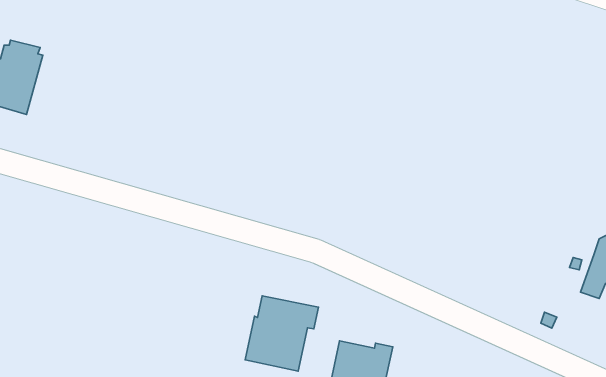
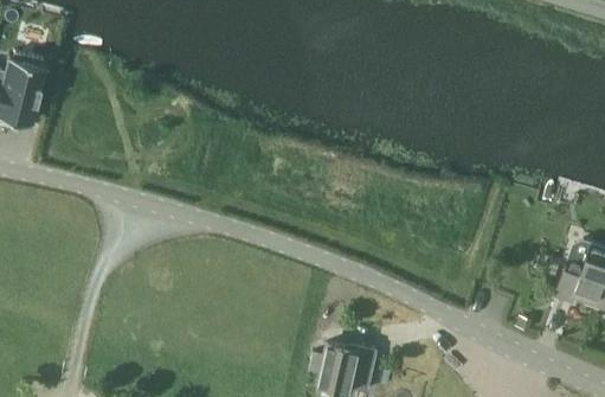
building: [245,296,319,371] -> none

